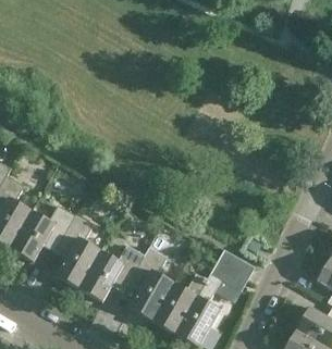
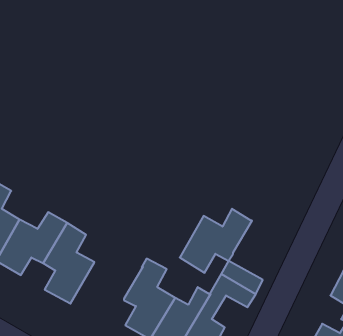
building: [78,244,145,302] -> [180,209,252,273]

